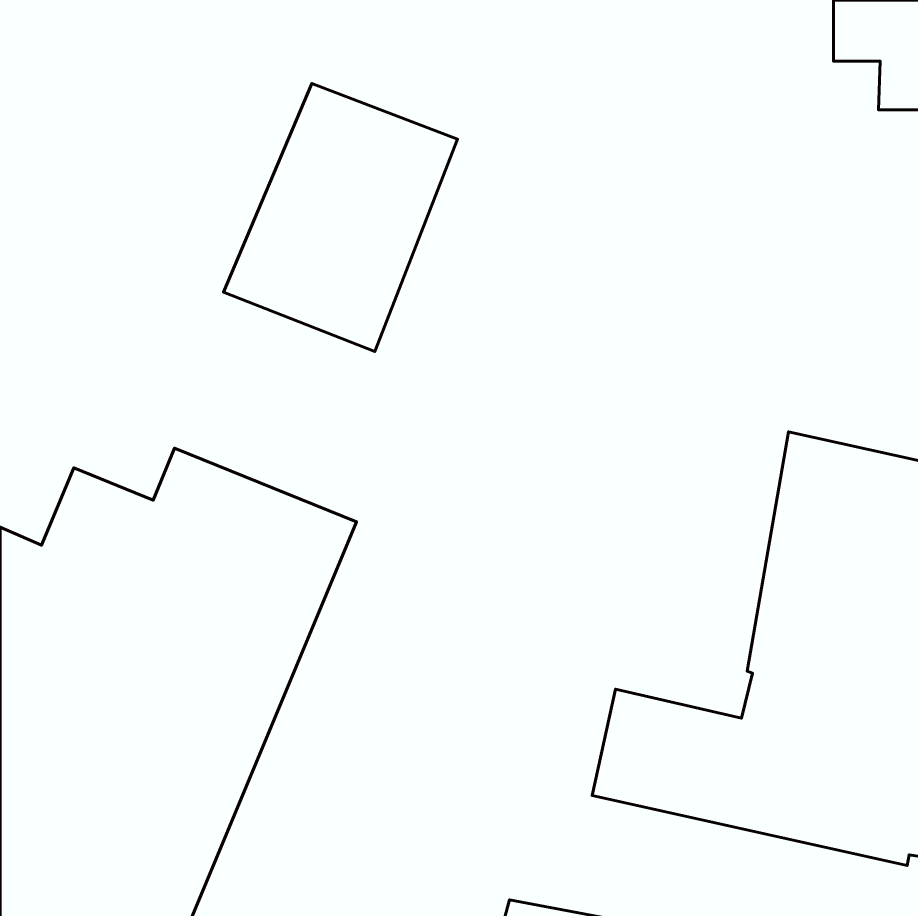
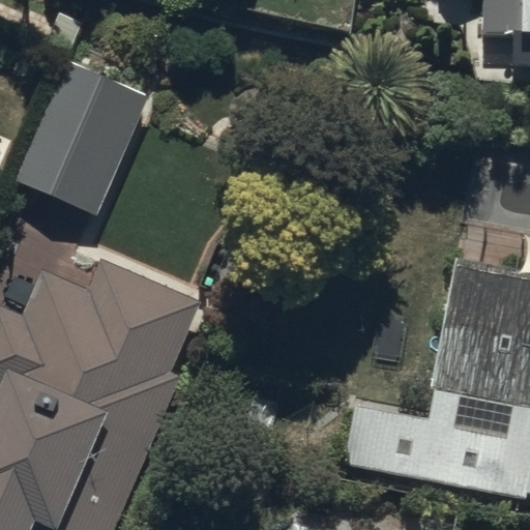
building: [224,83,458,352] -> [12,62,147,216]

